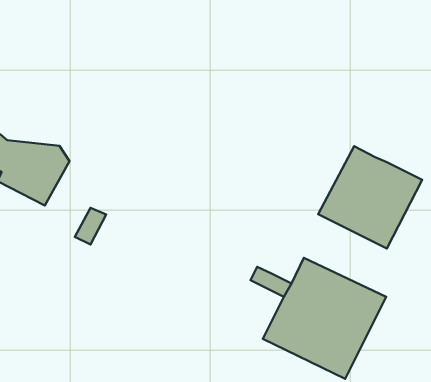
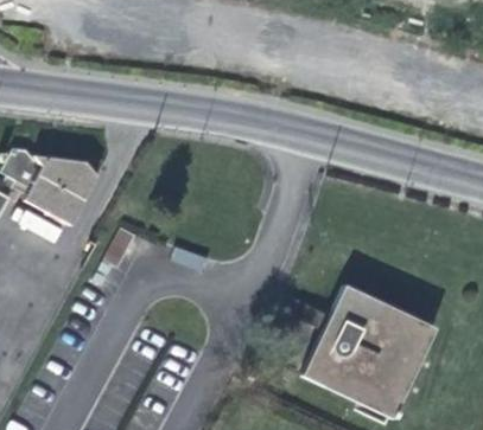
building: [318,146,422,249] -> none

